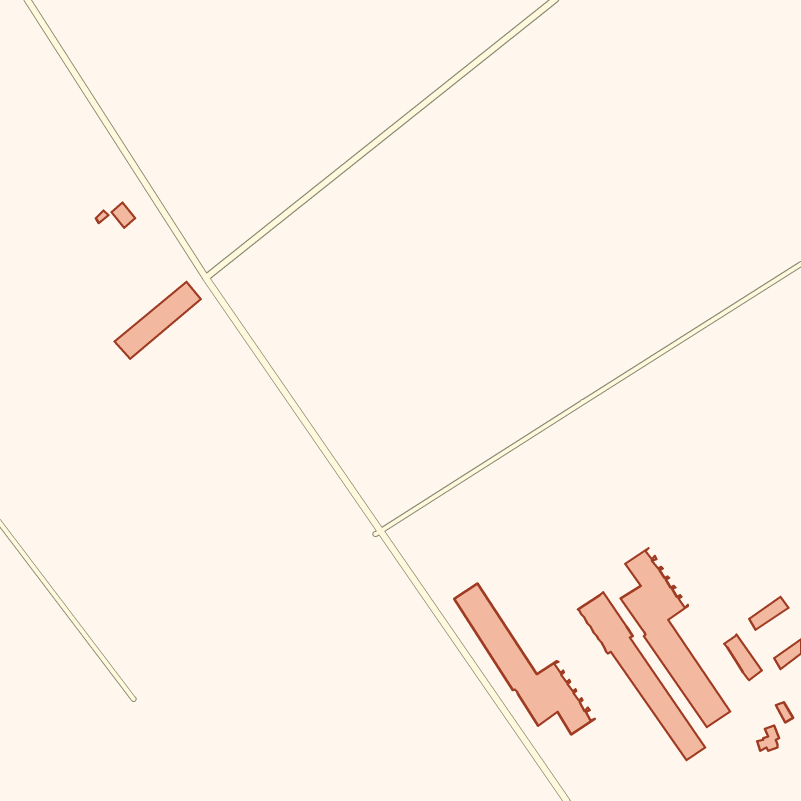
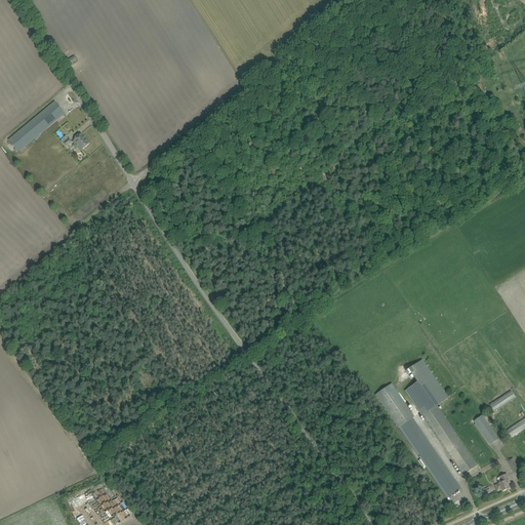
building: [114,282,201,359] -> [7,100,64,151]
building: [454,583,595,734] -> none

